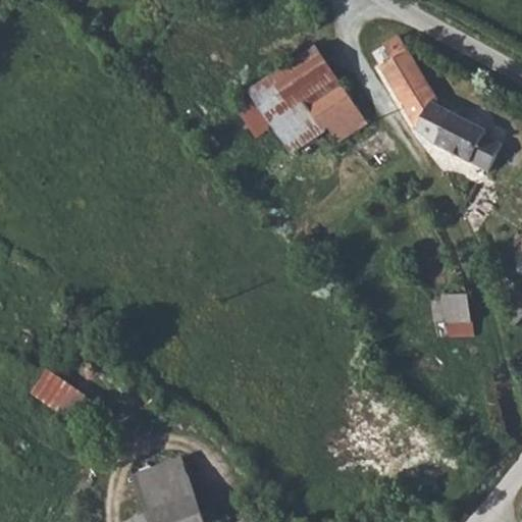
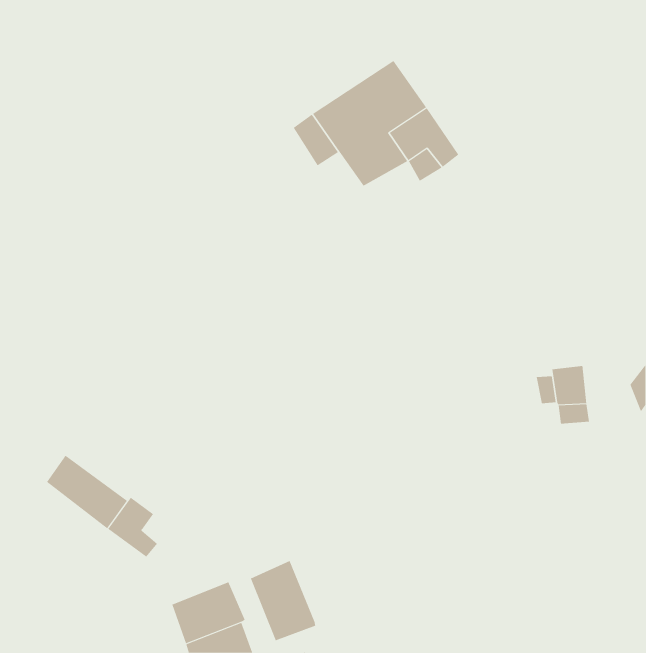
building: [374,36,499,173] -> none
building: none -> [107,497,158,557]
building: none -> [250,560,316,641]

